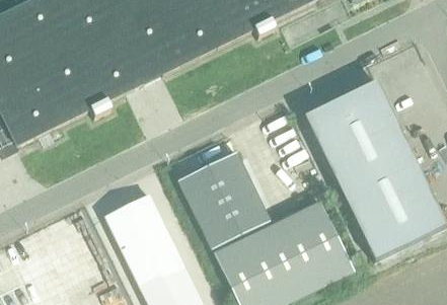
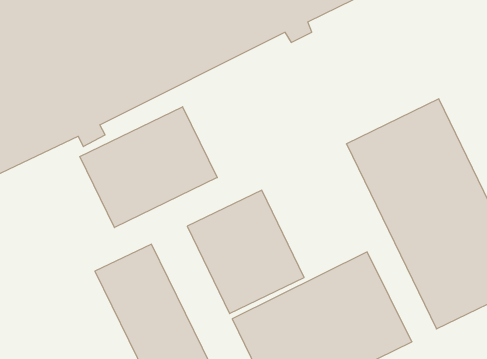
building: none -> [80,107,217,228]

